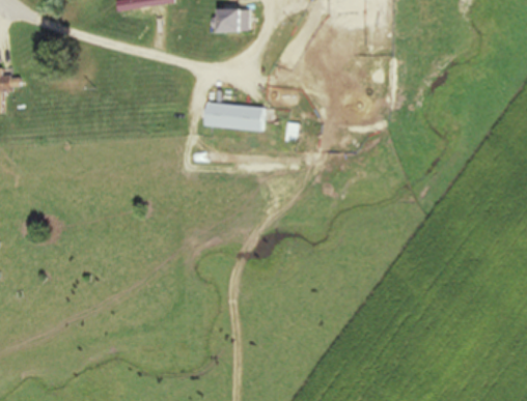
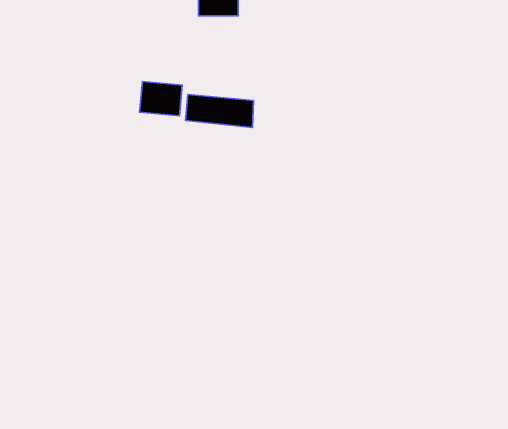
building: none -> [140,82,182,116]

